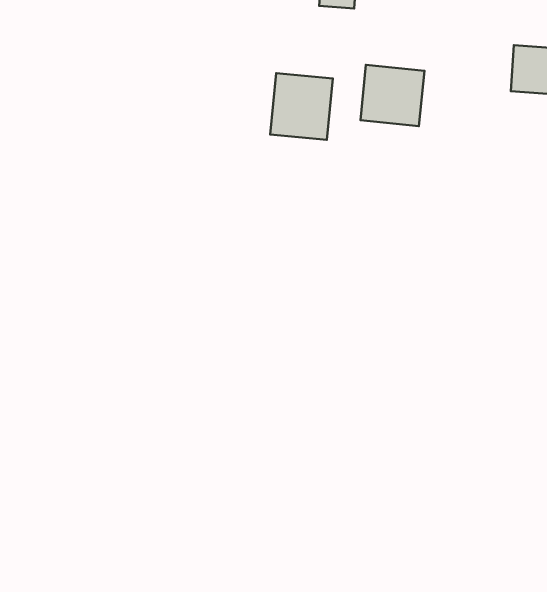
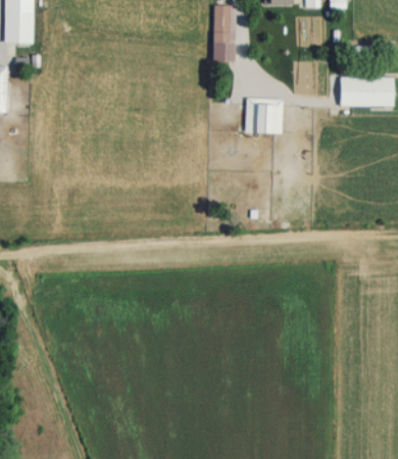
building: [270,73,333,140] -> none

